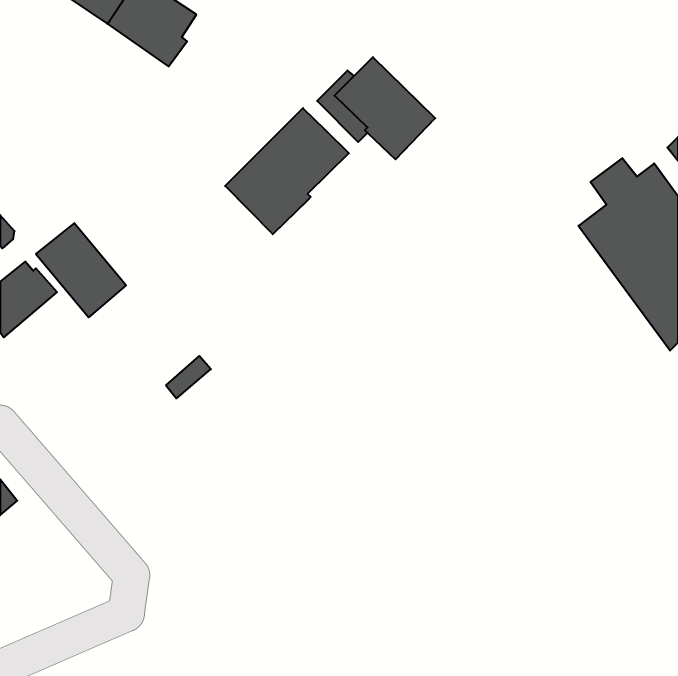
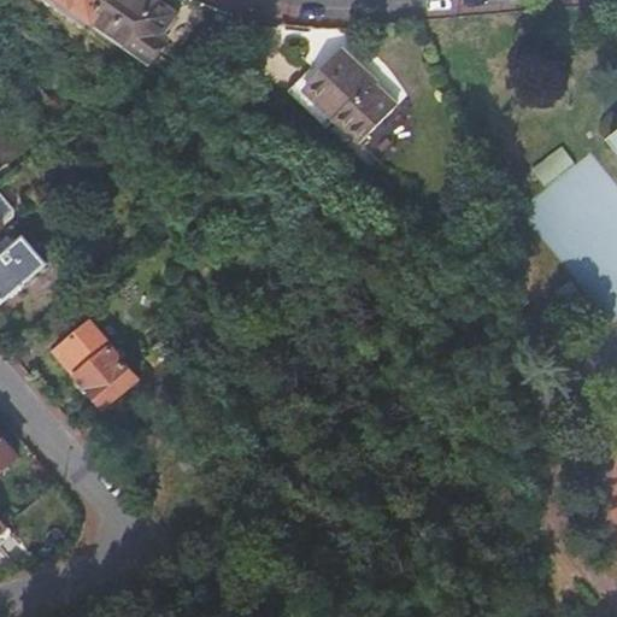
building: [225,108,349,234] -> none
building: [36,223,126,317] -> [54,322,136,407]

